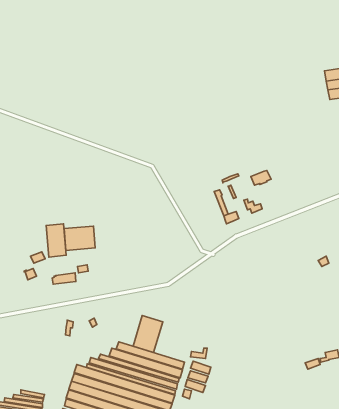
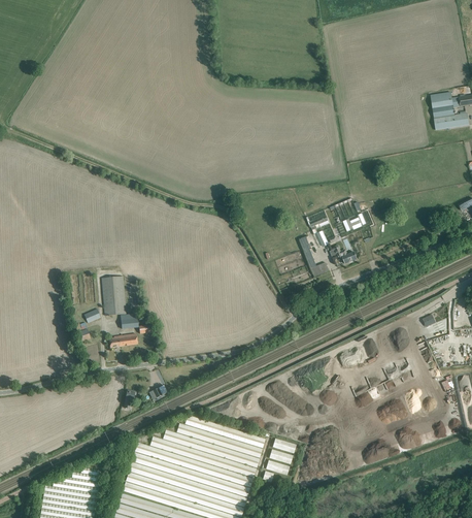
building: [64,226,95,250] -> none
building: [133,315,163,353] -> none

